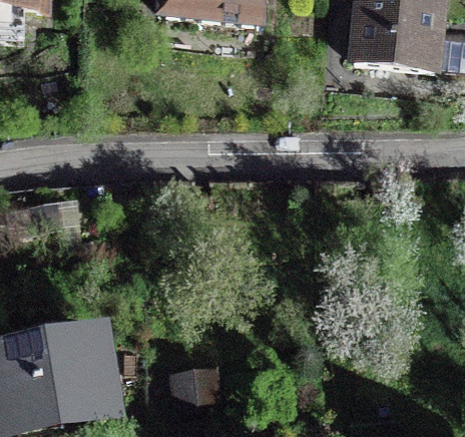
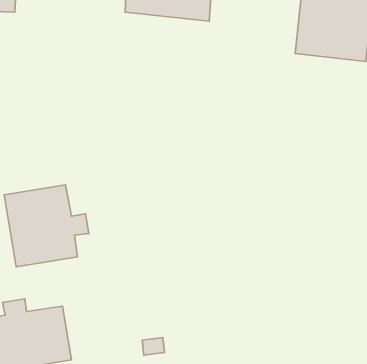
building: none -> [4,185,89,267]

